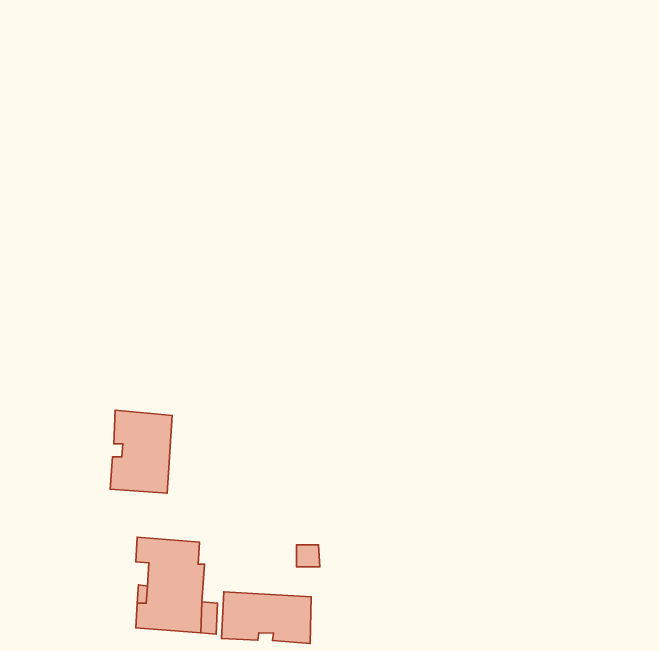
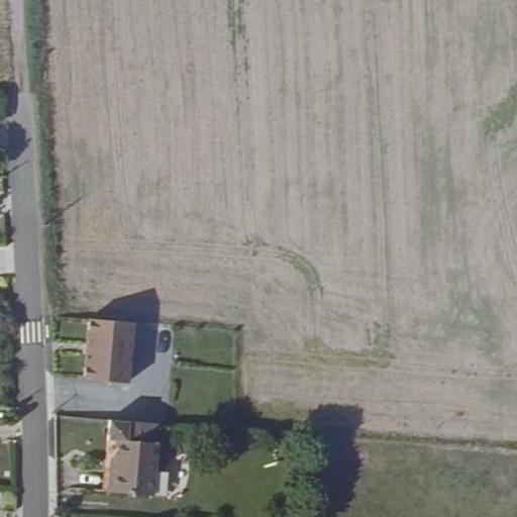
building: [221,592,311,644] -> none

